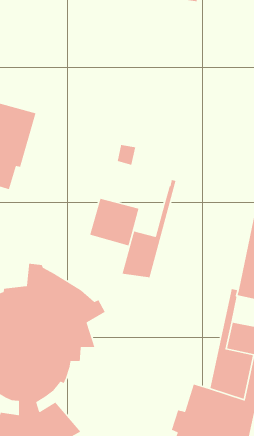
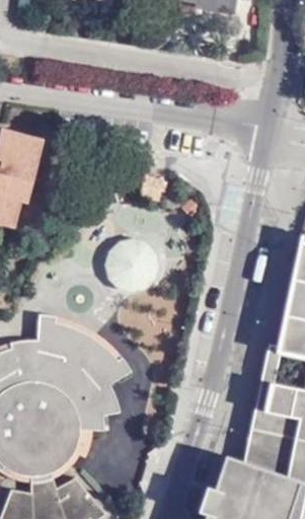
building: [121,179,177,278] -> none

